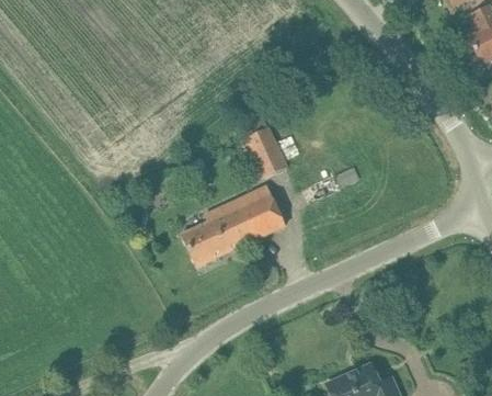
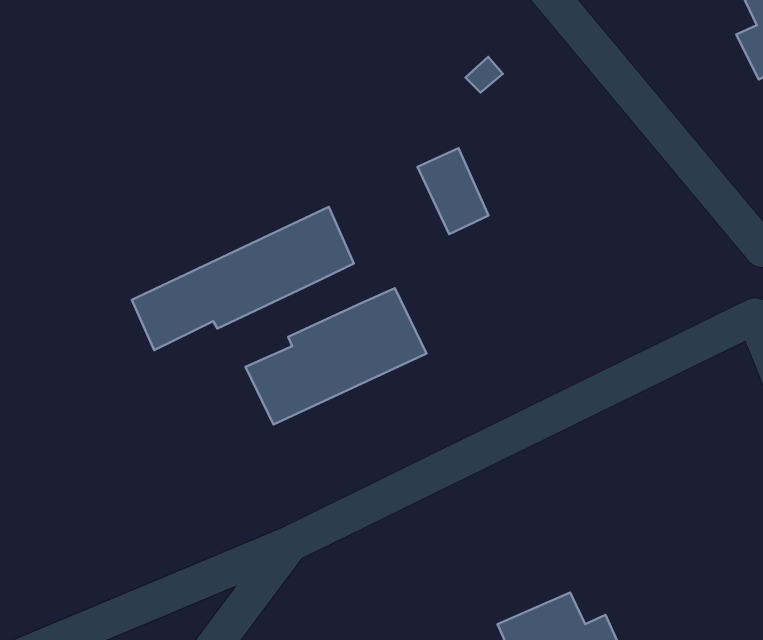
building: [244,126,286,177] -> [417,148,488,234]
building: none -> [132,207,354,350]

